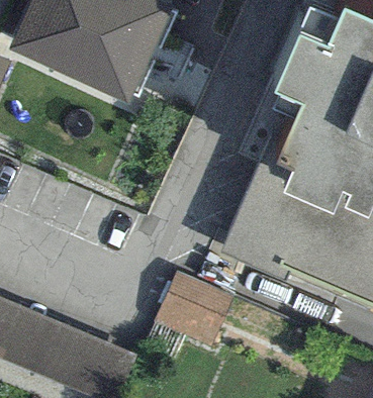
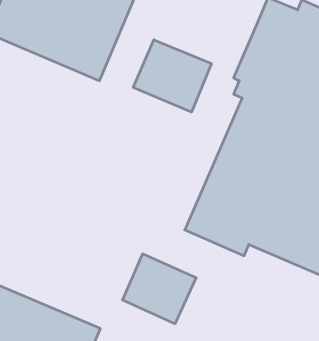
building: none -> [133,40,211,112]

